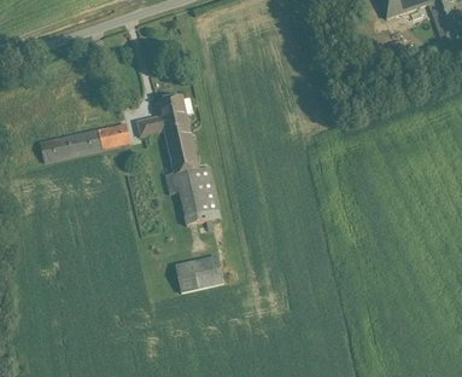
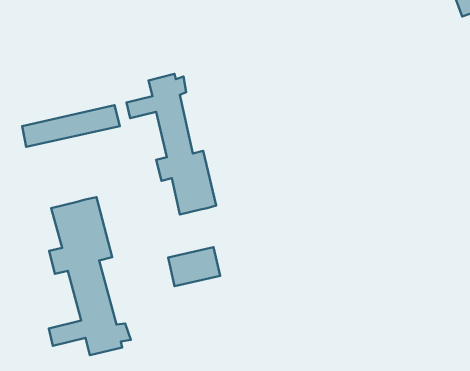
building: none -> [49,197,131,355]

